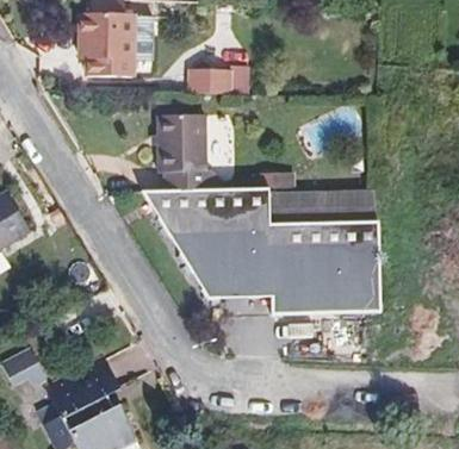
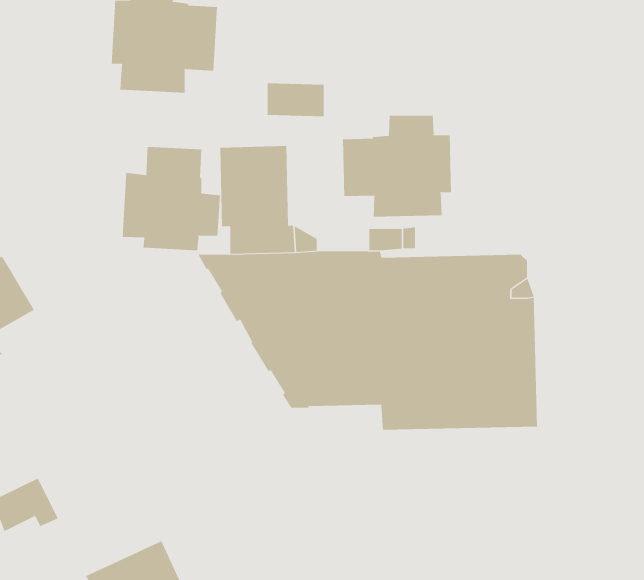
building: none -> [343,115,452,217]
building: none -> [122,146,220,251]

